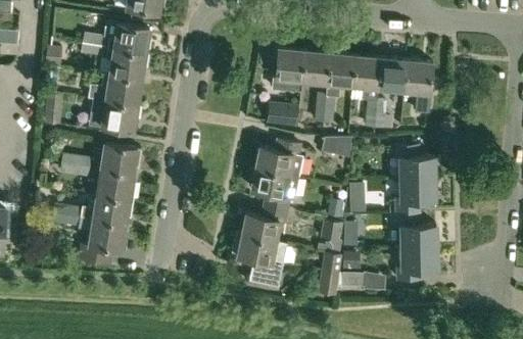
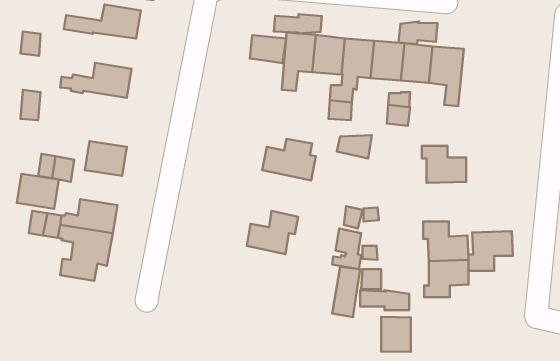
building: none -> [274,14,322,33]
building: none -> [399,22,438,44]
building: [106,47,146,79] -> none
building: [98,98,138,131] -> none
building: [268,102,299,127] -> [250,35,286,63]
building: [97,167,134,198] -> [17,174,59,209]
building: [251,167,299,208] -> none
building: [397,178,436,212] -> [469,231,513,271]
building: [238,234,287,288] -> none
building: none -> [381,317,411,352]

